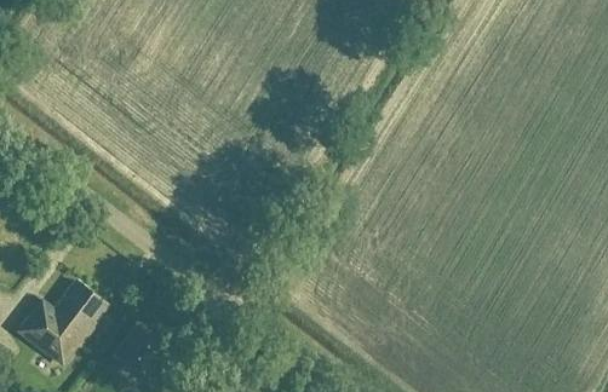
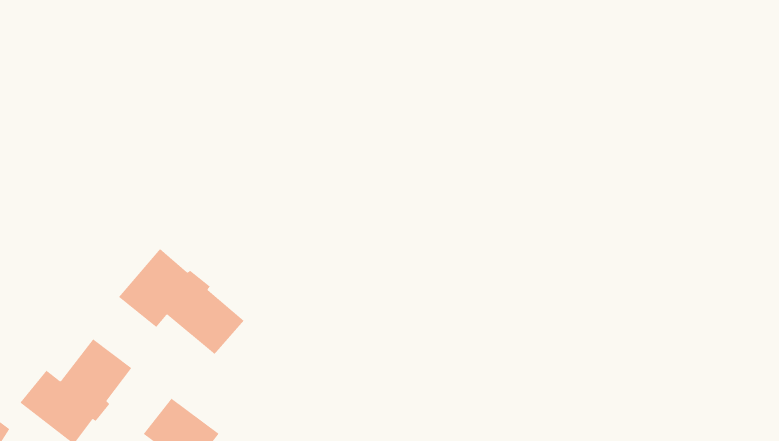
building: none -> [118,248,245,355]

